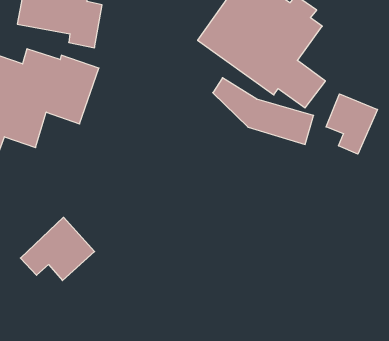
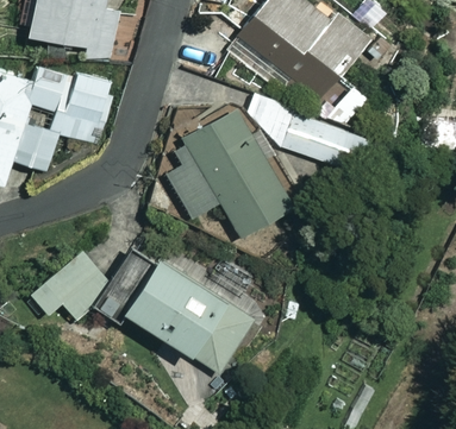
building: none -> [162,106,296,239]
building: [326,94,377,154] -> none
building: none -> [120,252,256,372]

